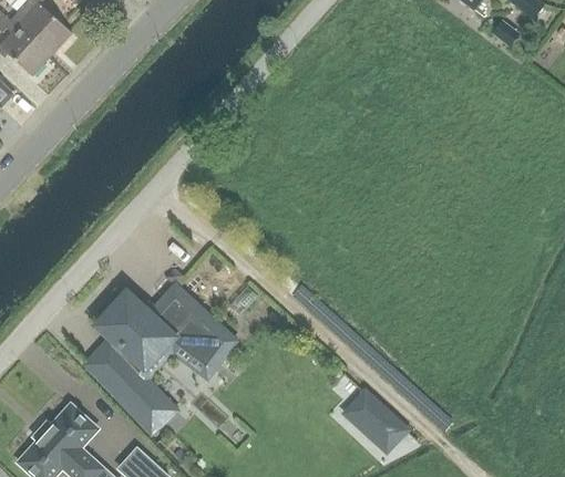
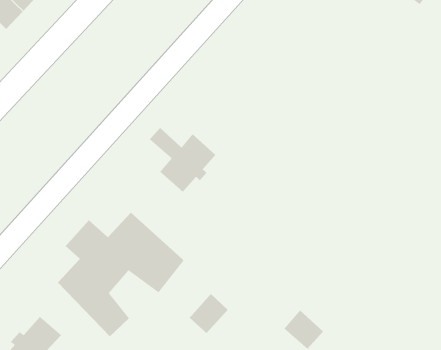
building: none -> [149,127,216,193]
building: none -> [189,293,228,334]

